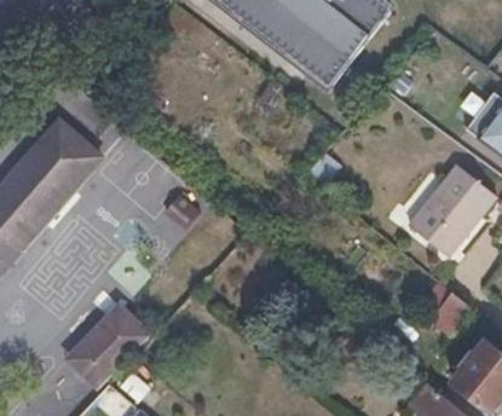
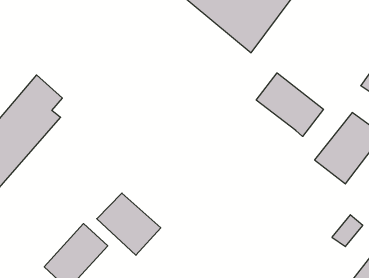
building: none -> [256,73,323,136]
building: none -> [97,193,161,255]

